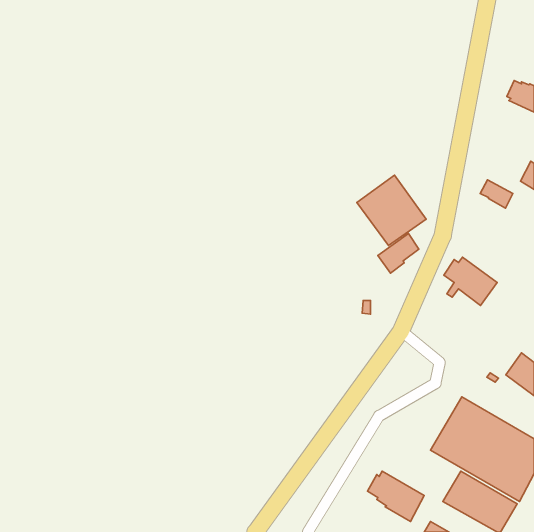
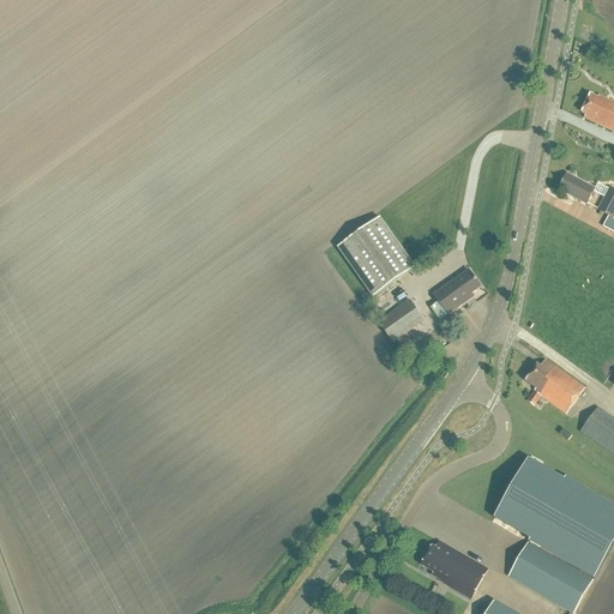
building: [357,175,426,245] -> [336,215,415,295]
building: [480,180,513,208] -> [558,170,595,203]
building: [444,257,497,305] -> [523,357,584,413]
building: none -> [378,297,423,341]

